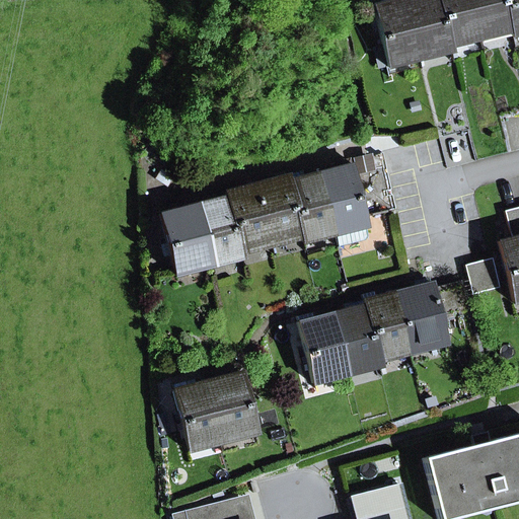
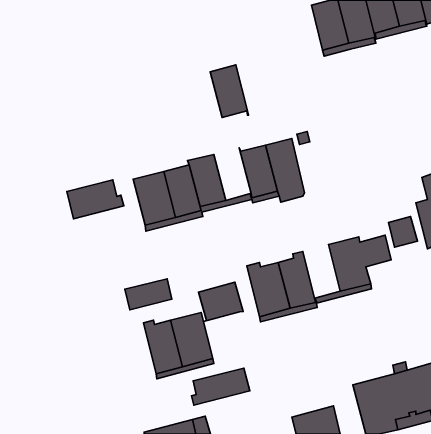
building: [258,176,304,239] -> [210,65,248,118]
building: none -> [67,180,124,219]
building: [363,292,410,361] -> none
building: none -> [125,279,172,310]
building: none -> [199,282,243,322]
building: none -> [192,368,250,405]

